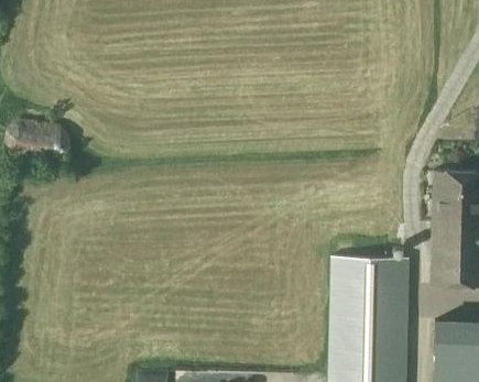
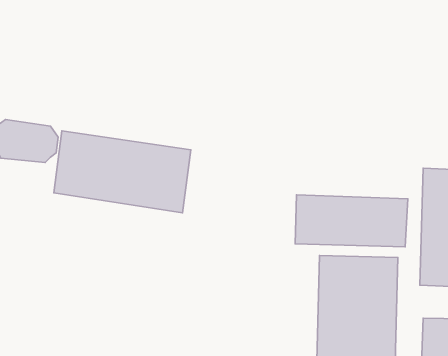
building: none -> [54,131,191,213]
building: none -> [295,195,408,247]

